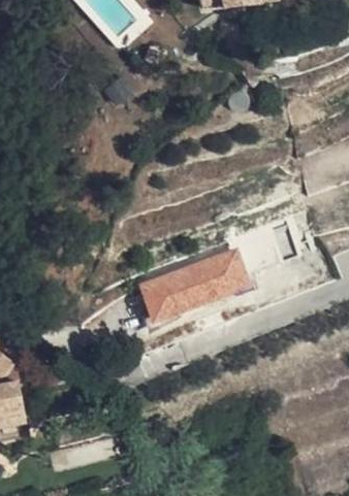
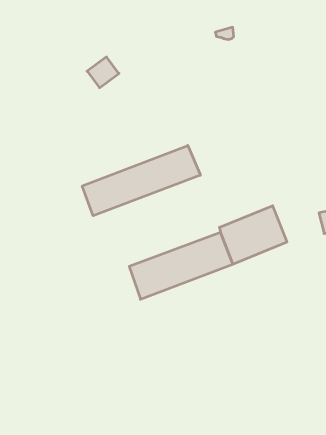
building: none -> [82,145,200,216]

